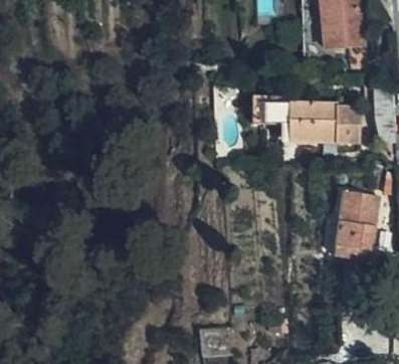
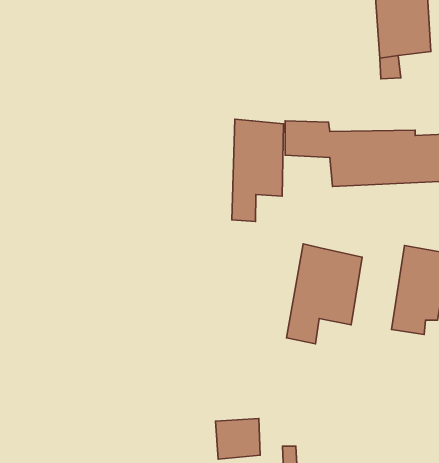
building: none -> [232,119,284,222]
building: none -> [287,244,362,344]

